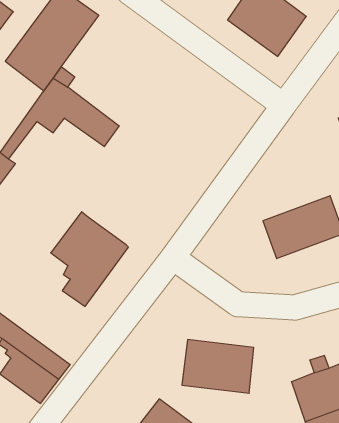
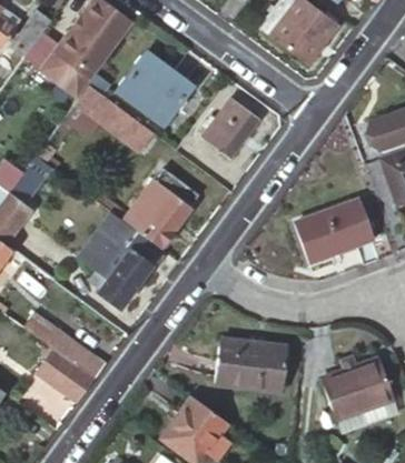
building: none -> [119,52,194,124]
building: none -> [203,98,259,158]
building: none -> [125,168,199,246]

